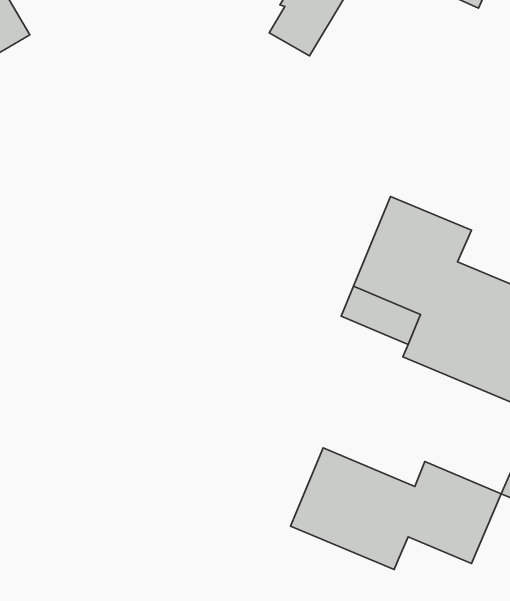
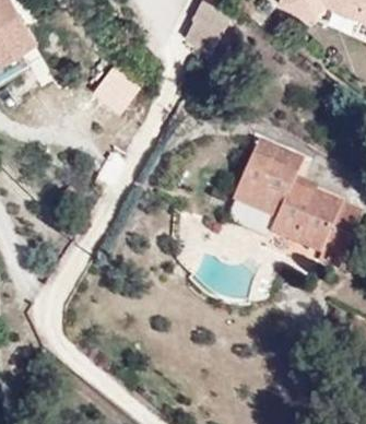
building: [291,448,501,570] -> none

